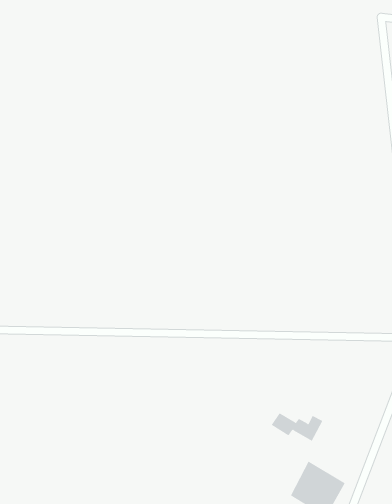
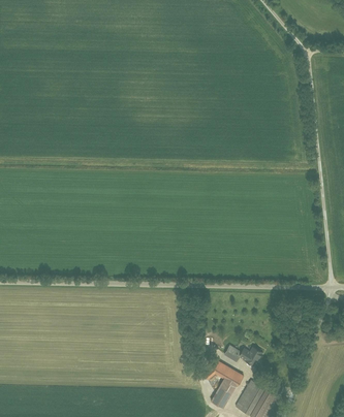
building: none -> [204,361,242,408]

